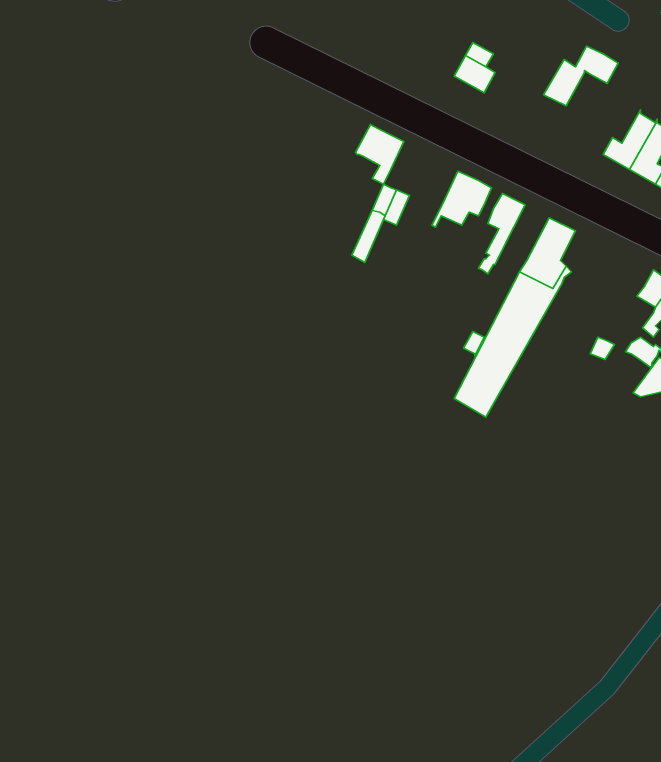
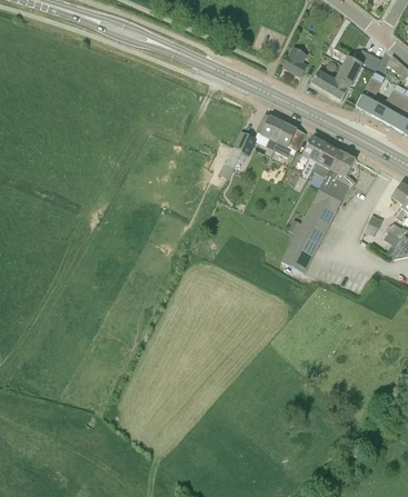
building: none -> [312,69,350,100]
building: none -> [356,71,384,113]
building: [355,125,404,184] -> [257,113,286,149]
building: none -> [312,143,340,177]

